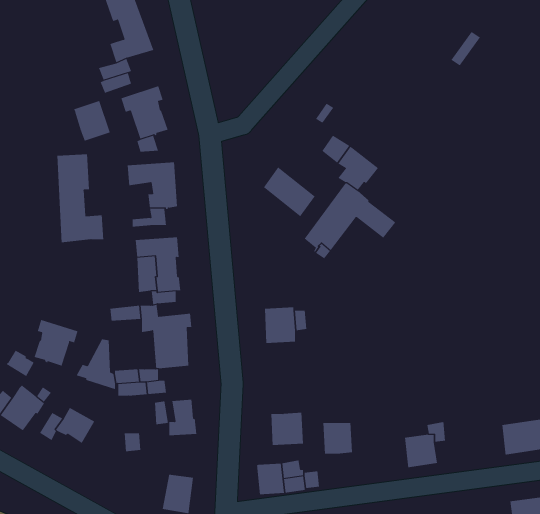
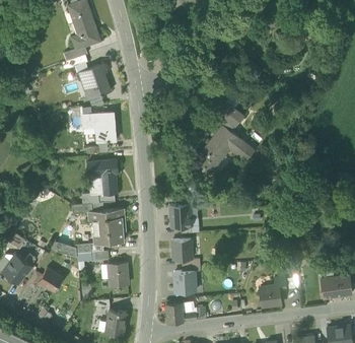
building: [74,100,111,141] -> none
building: [57,153,104,243] -> none
building: [263,166,315,217] -> none
building: [34,319,78,366] -> none
building: [322,422,353,454] -> [172,239,192,260]

